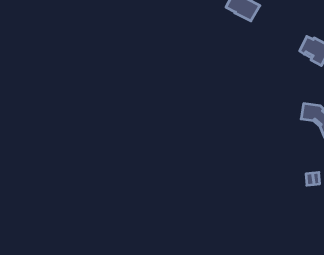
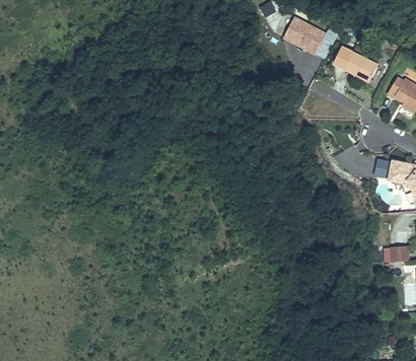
building: none -> [337,52,371,80]

